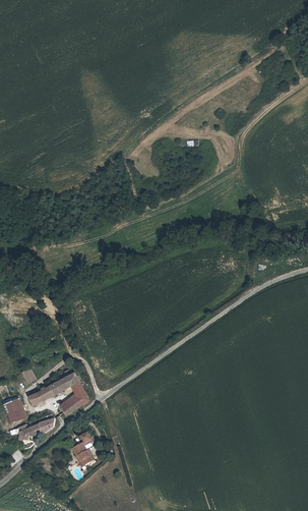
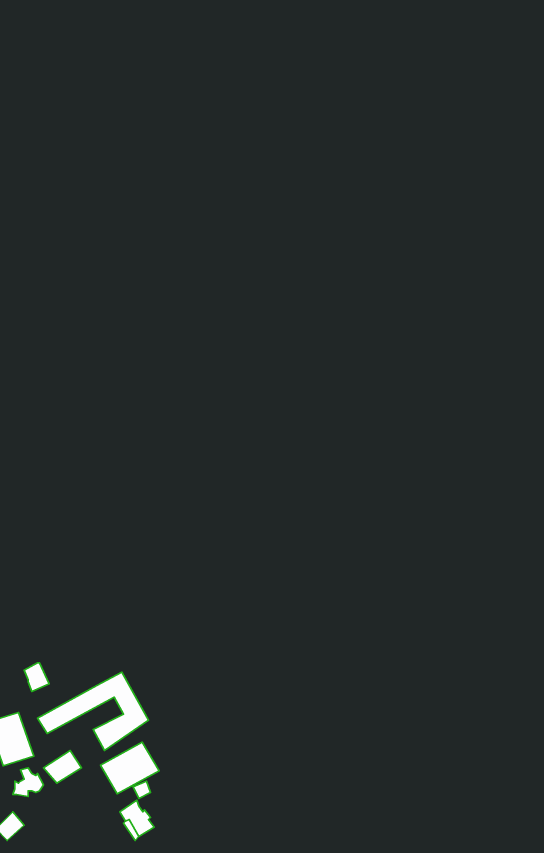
building: none -> [100,742,159,794]

